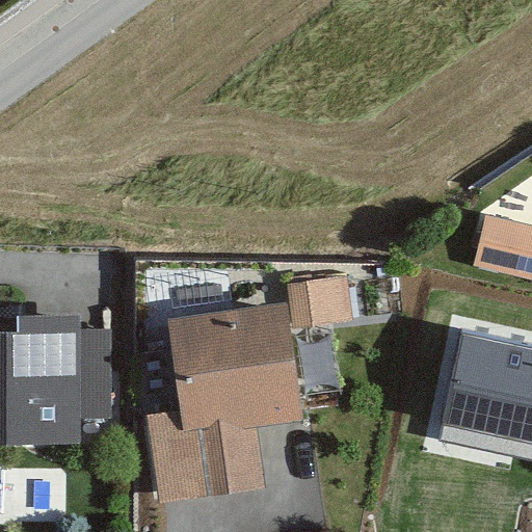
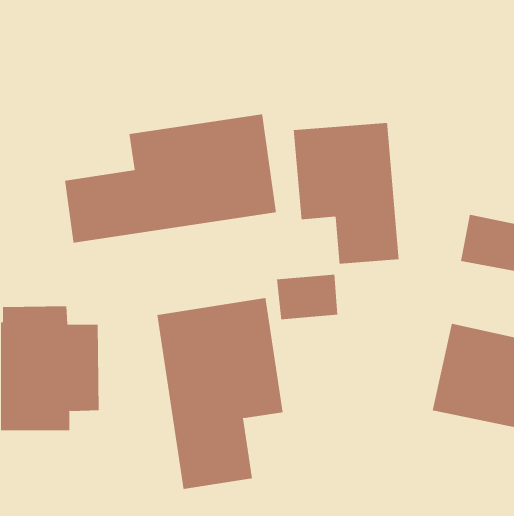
building: none -> [64,113,277,244]
building: none -> [293,122,399,265]

